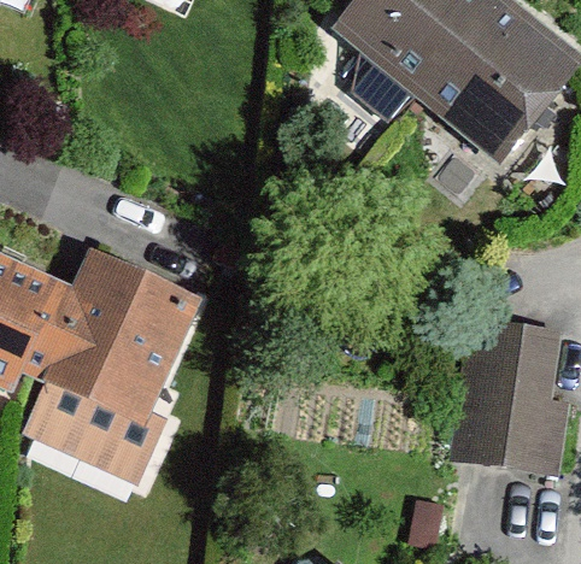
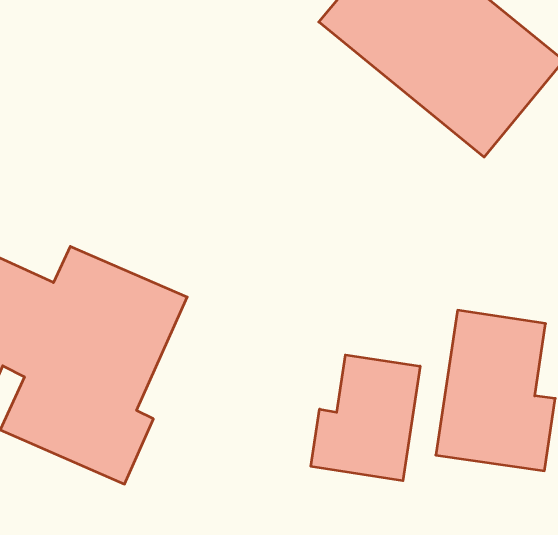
building: none -> [311,355,420,481]

